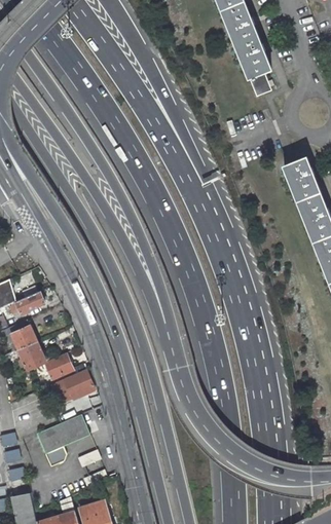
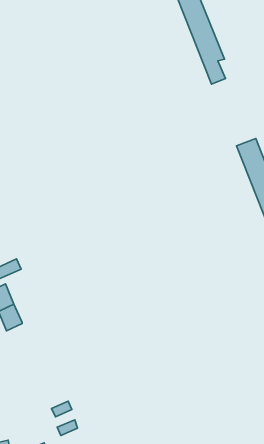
building: [45,352,73,379] -> none
building: [50,369,94,404] -> none
building: [36,414,90,453] -> none

